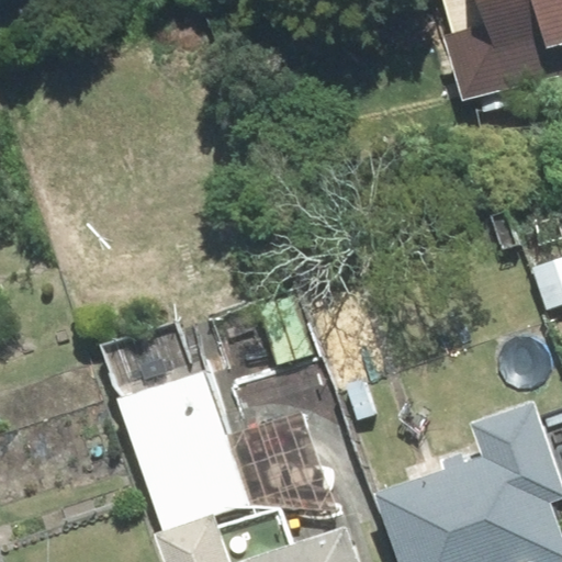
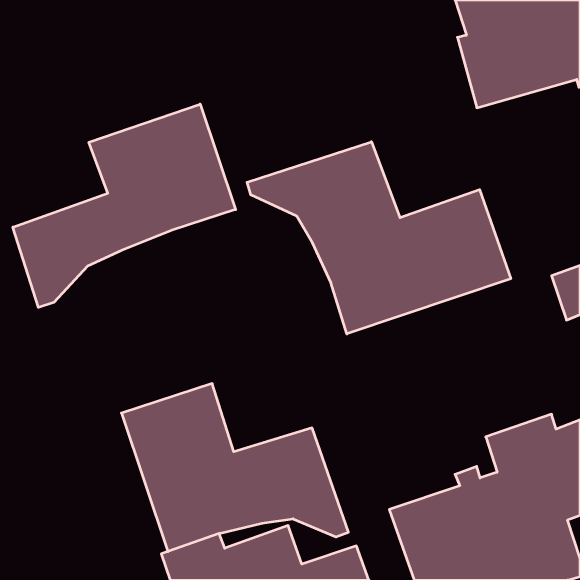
building: none -> [13,104,236,307]
building: none -> [247,142,511,334]

